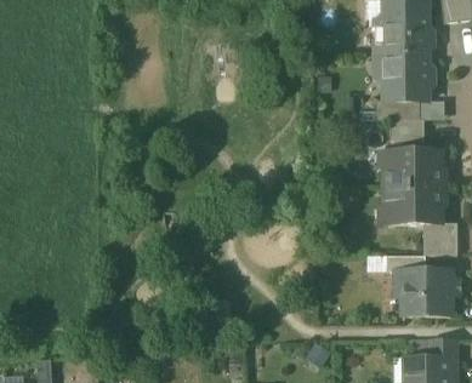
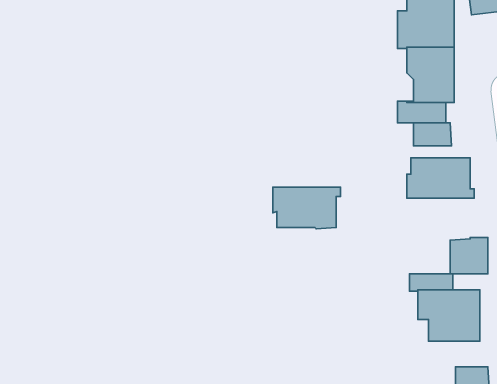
building: [385,187,445,224] -> [273,187,340,229]

